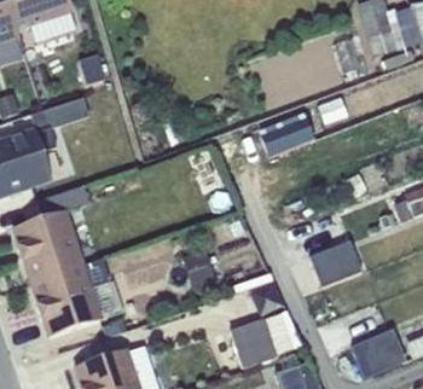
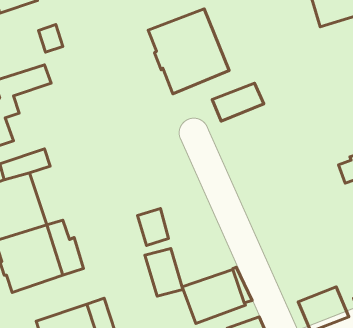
building: none -> [148,9,229,94]
building: [309,239,361,286] -> none
building: none -> [145,248,183,296]

